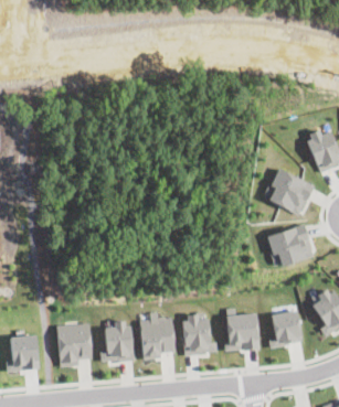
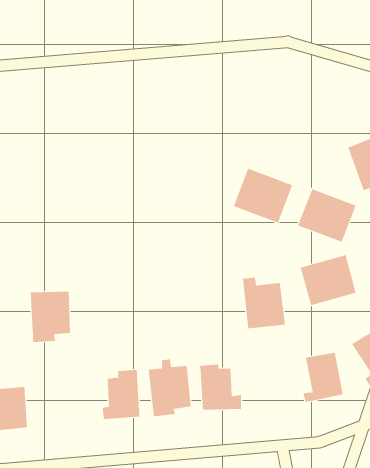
building: none -> [233,168,293,223]
building: [224,309,261,352] -> [242,277,286,329]
building: [57,324,92,367] -> [30,291,71,343]

